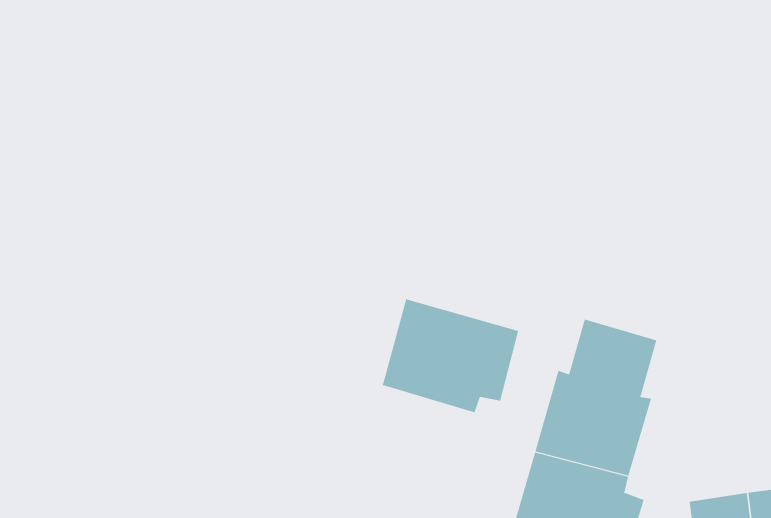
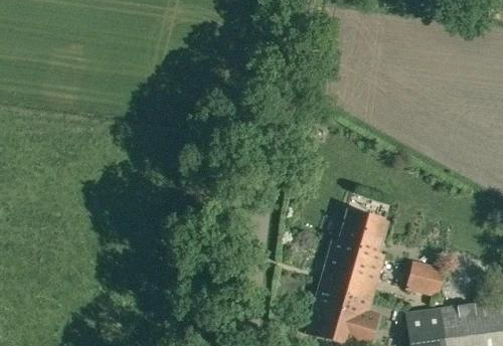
building: [382,299,519,413] -> none
building: none -> [406,261,445,297]

